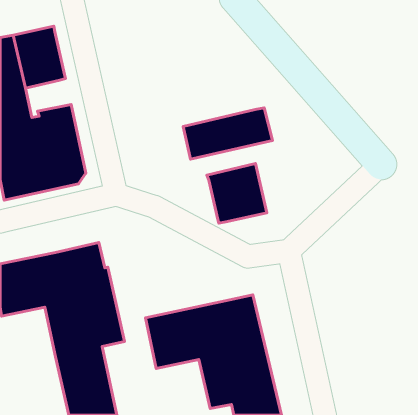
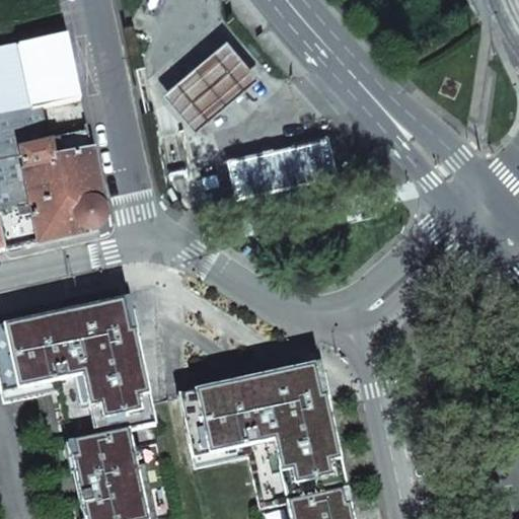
building: none -> [161,40,256,130]
building: [207,164,267,223] -> none

